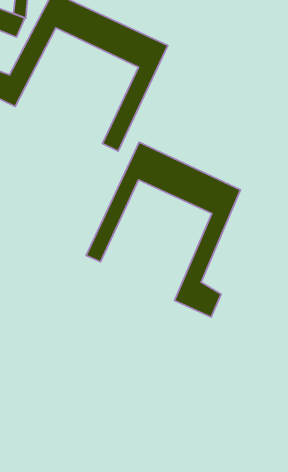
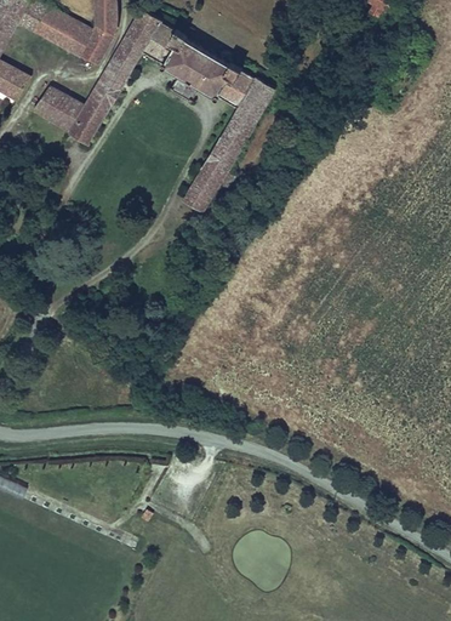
building: [86,142,241,317] -> none

